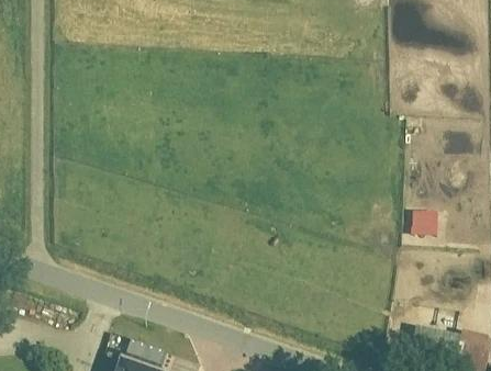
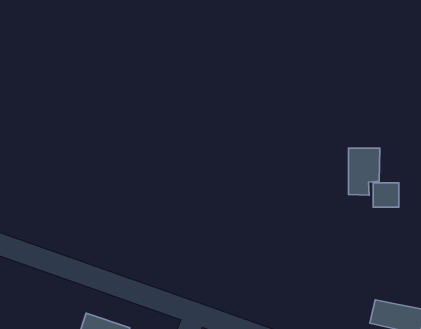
building: none -> [349,148,380,195]

